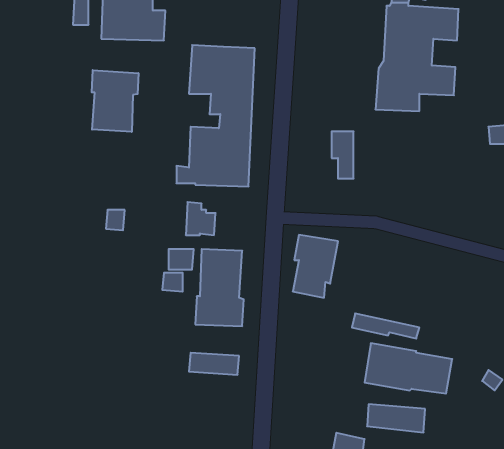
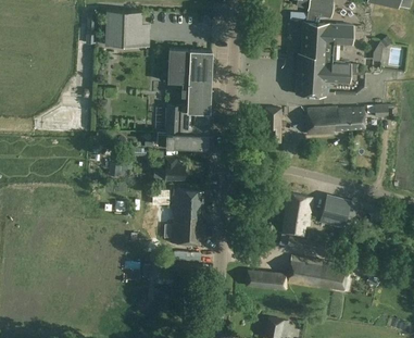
building: [92,70,138,132] -> none
building: none -> [308,108,364,134]
building: [293,235,338,298] -> [283,193,314,237]
building: none -> [319,195,351,228]
building: [367,404,425,432] -> [247,271,287,290]

